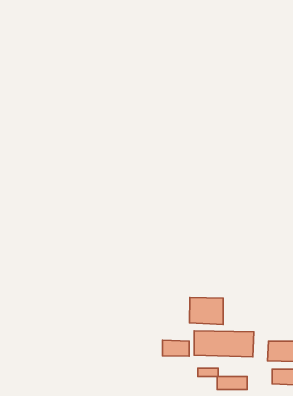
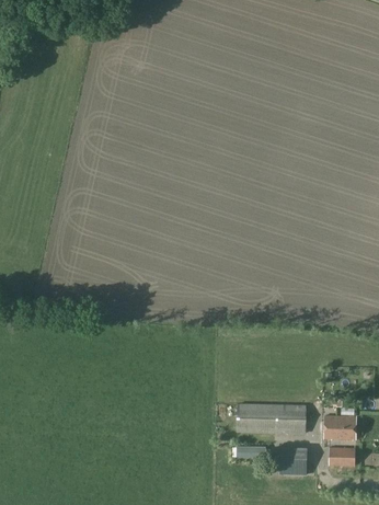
building: [190,298,223,324] -> none
building: [162,340,189,356] -> none

